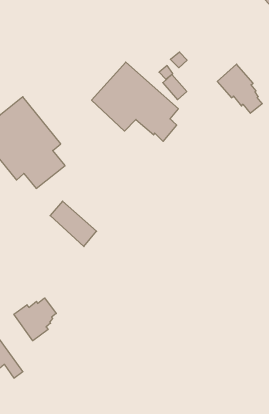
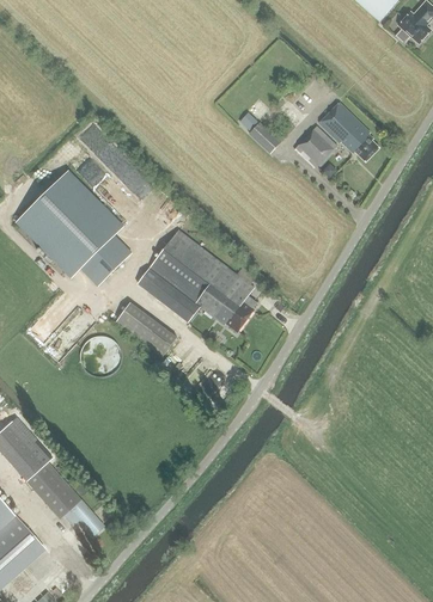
building: [92,62,178,141] -> [139,233,252,331]
building: none -> [293,125,336,168]
building: [14,298,56,341] -> none

